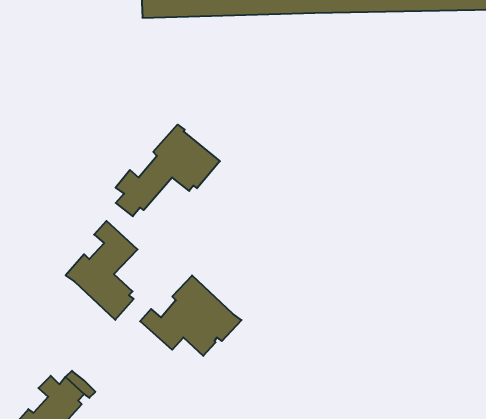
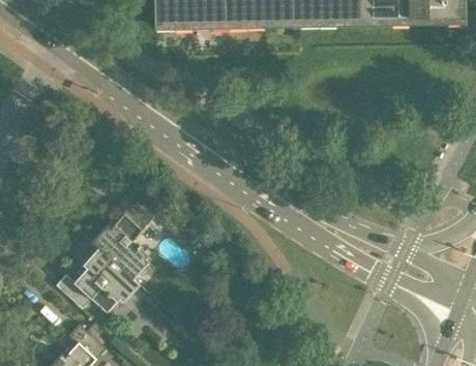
building: [116,125,220,216] -> none
building: [140,275,242,356] -> [55,246,140,313]

